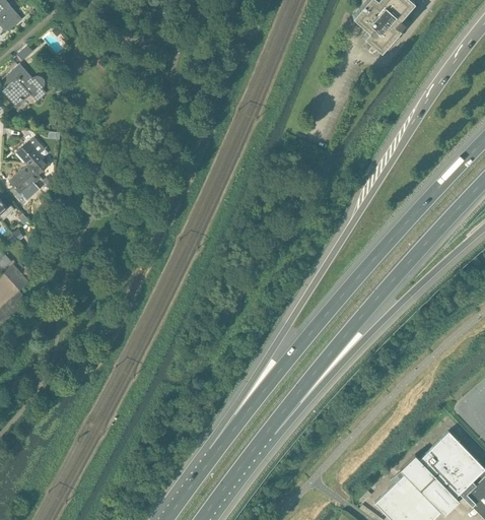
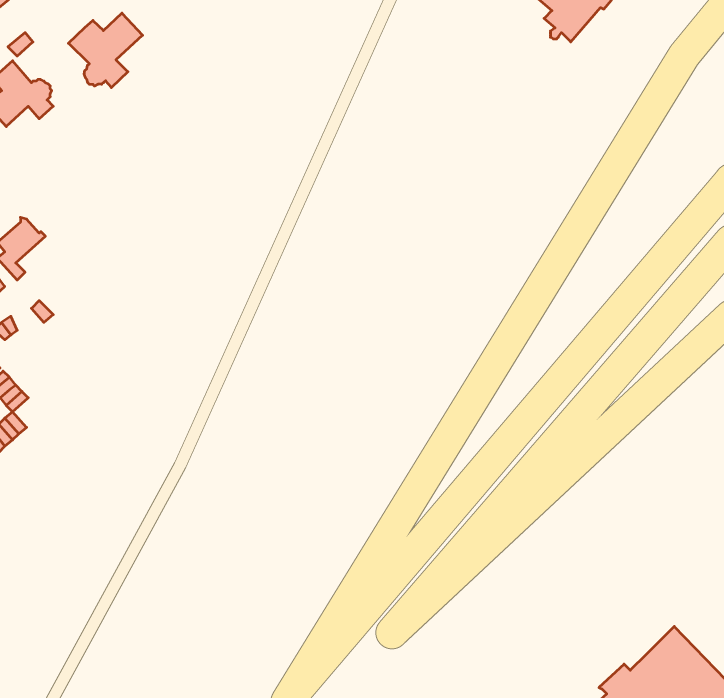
building: none -> [68,13,143,88]
building: [16,137,48,175] -> none

